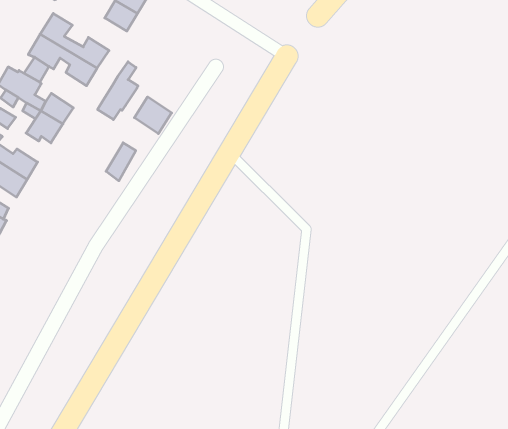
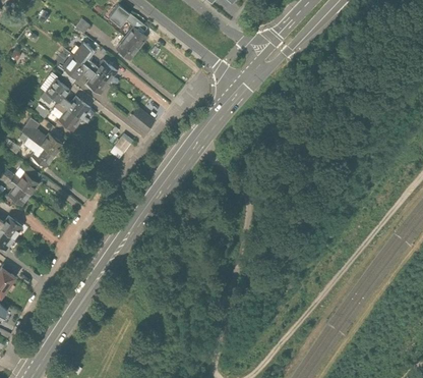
building: [98,62,138,120] -> none

